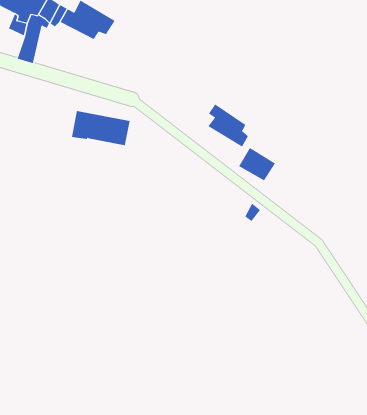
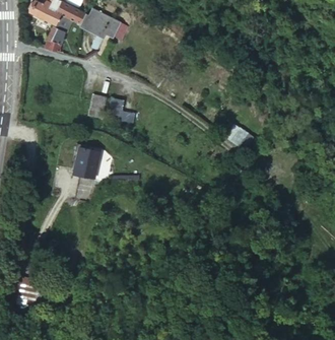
building: [208,104,249,147] -> none
building: none -> [73,141,102,180]

